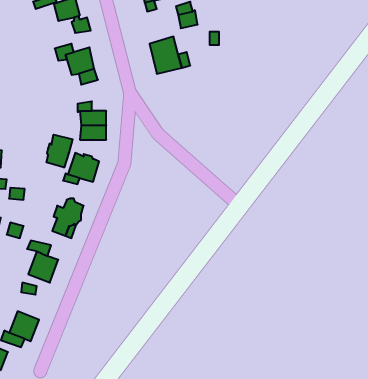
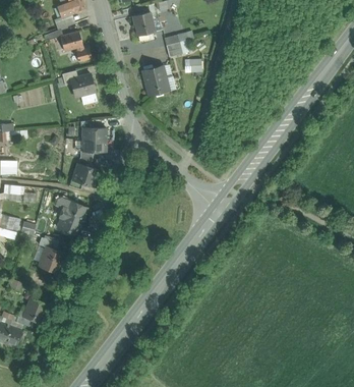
building: [47,135,73,168] -> none

